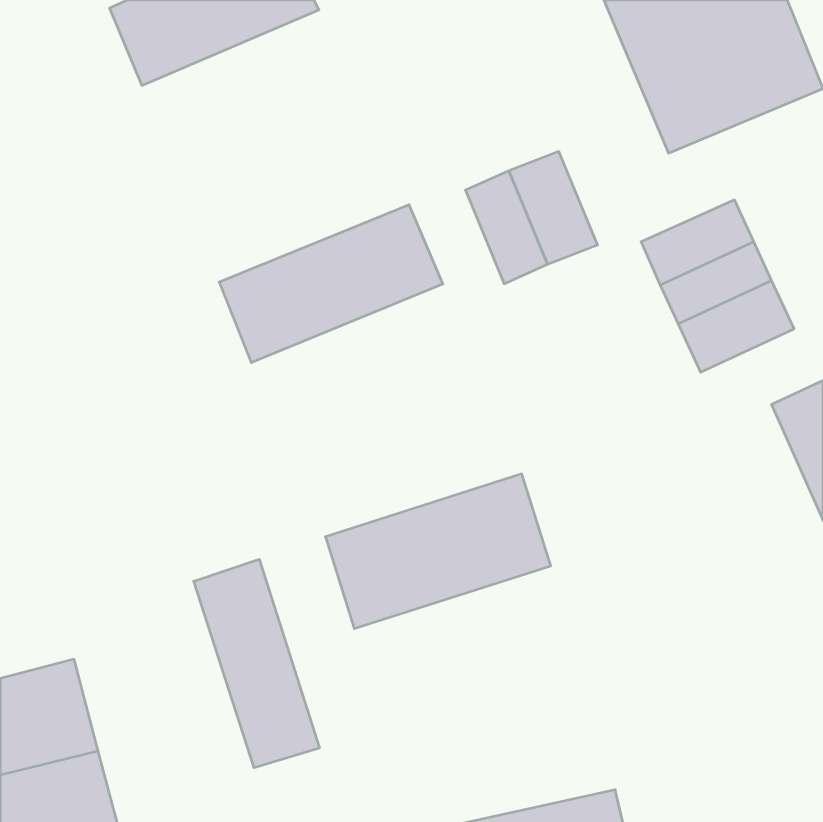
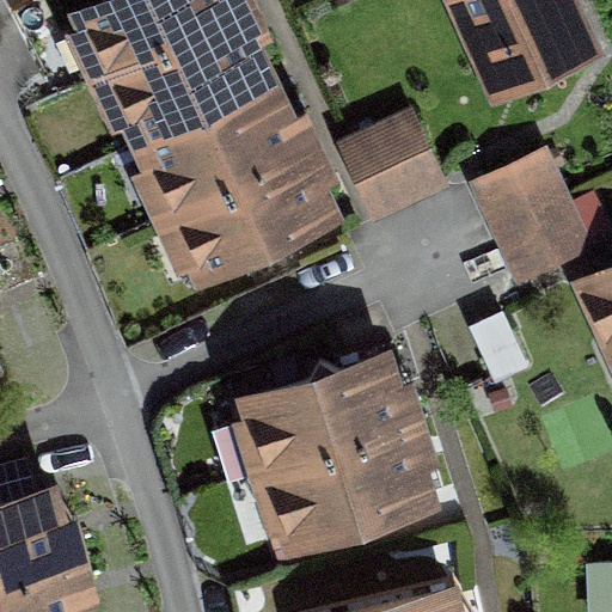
building: none -> [105,8,263,126]
building: none -> [136,91,304,210]
building: [194,559,319,768] -> none
building: none -> [263,421,432,540]

